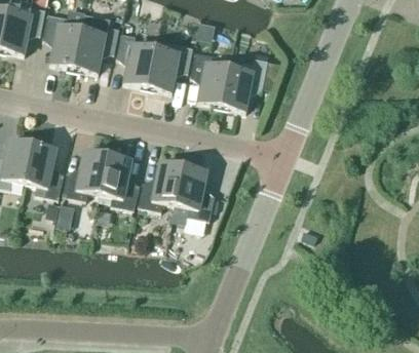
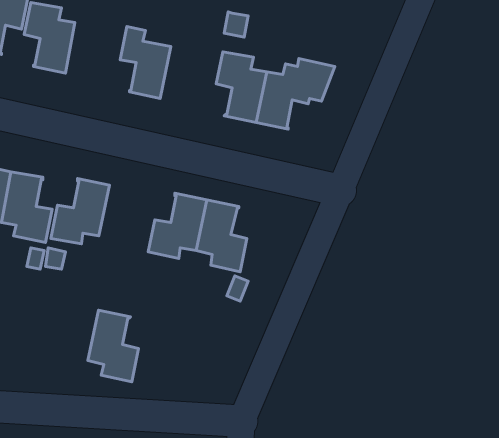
building: [74,25,119,73] -> none
building: [147,44,193,91] -> none
building: [100,154,139,209] -> [88,310,139,382]

